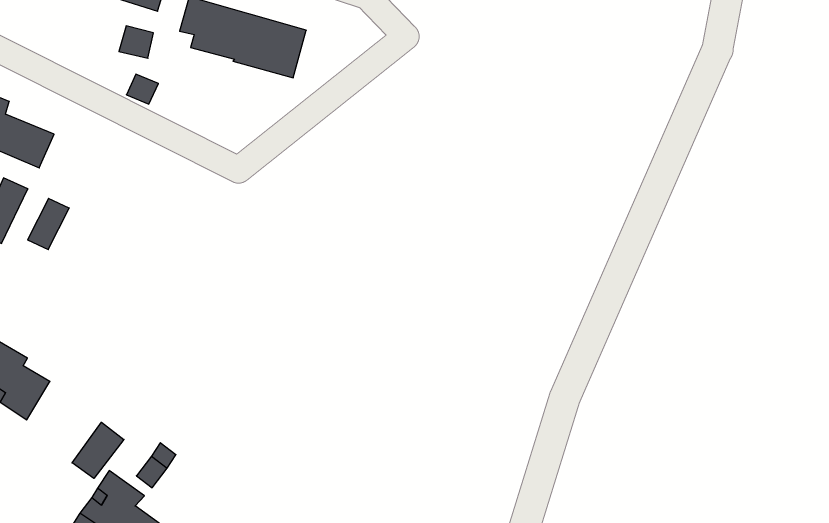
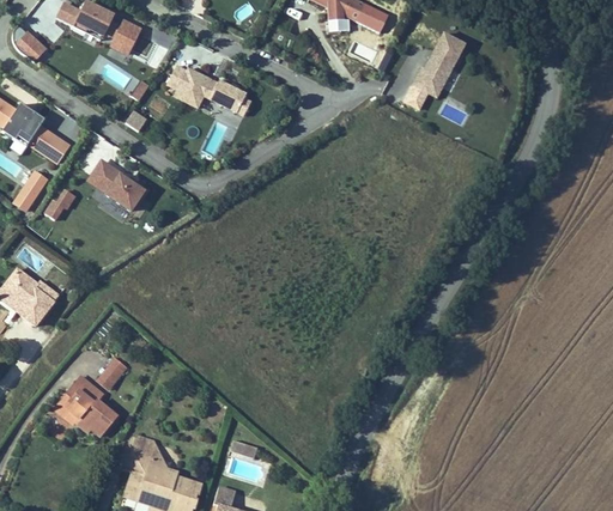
building: none -> [85,157,148,220]
building: [72,422,124,478] -> none

